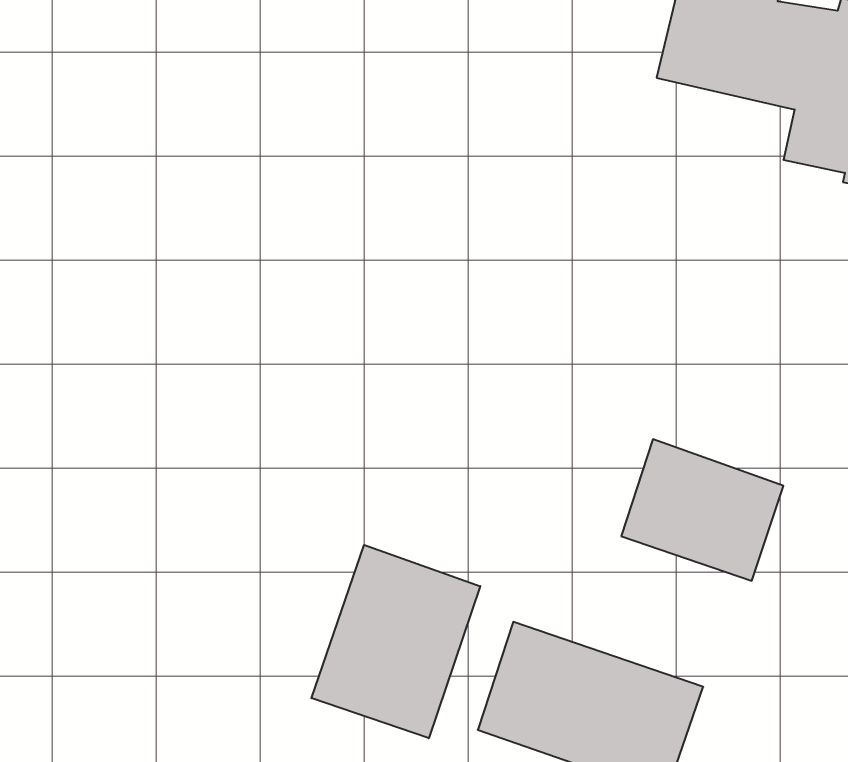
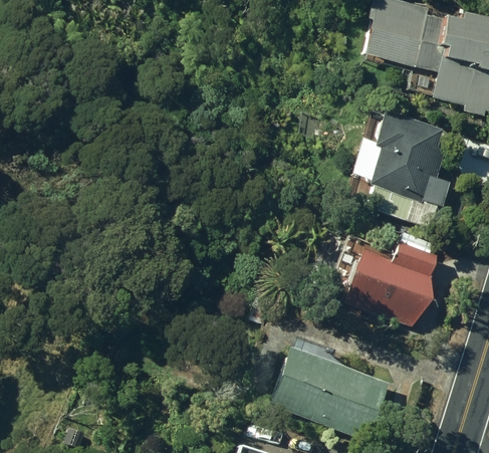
building: none -> [369,109,452,216]
building: [311,545,480,738] -> none

